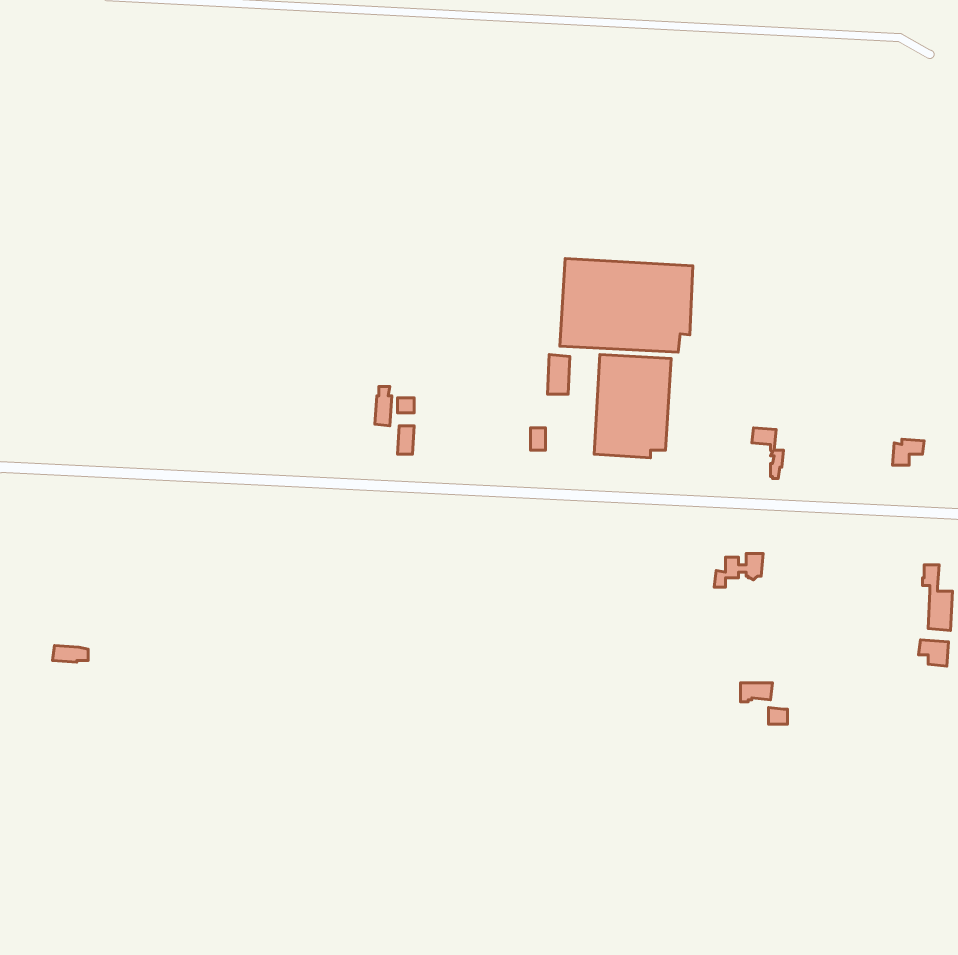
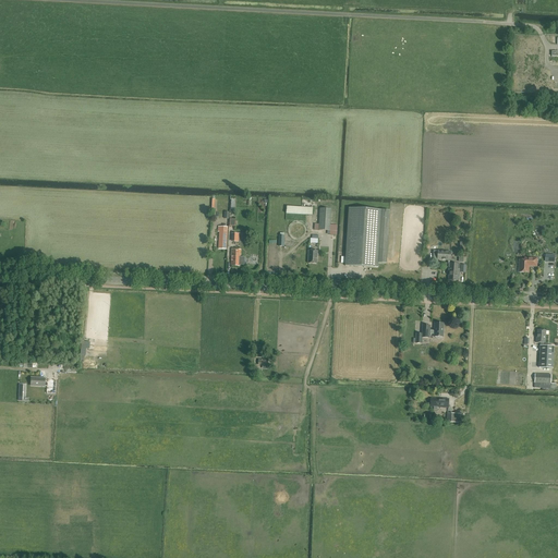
building: [560,258,693,352] -> none

